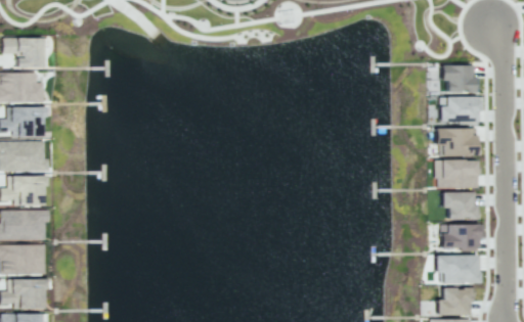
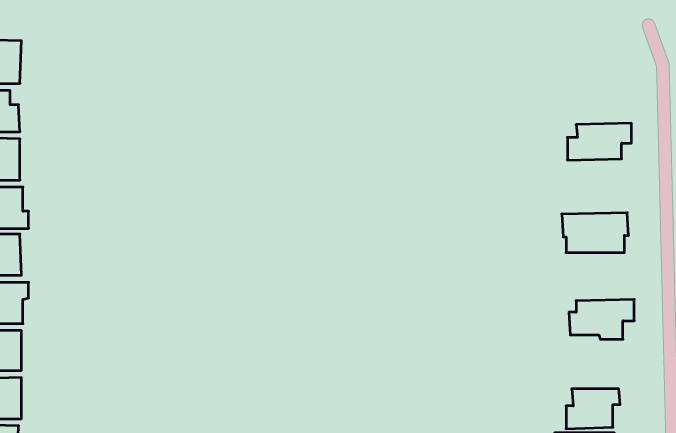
building: [439,63,479,92] -> none
building: [434,128,478,156] -> none
building: [440,191,479,219] -> none
building: [434,255,479,283] -> none

